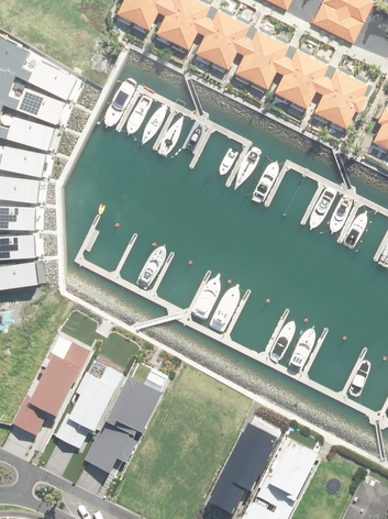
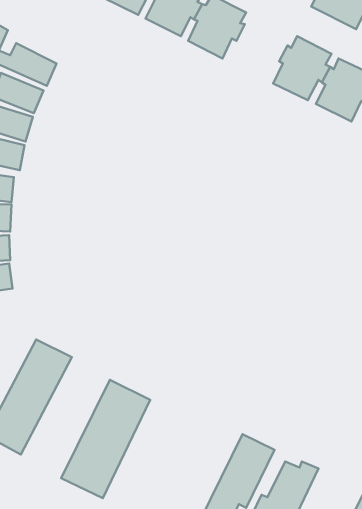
building: [237,32,291,90] -> none
building: [55,363,122,444] -> none

